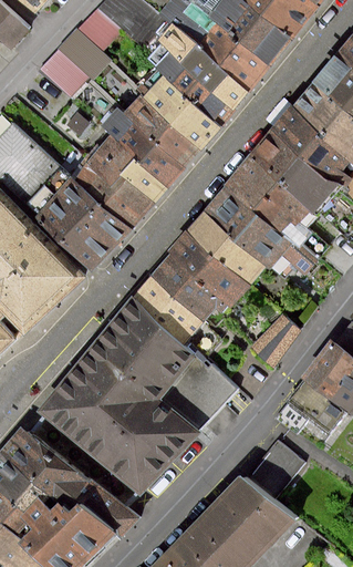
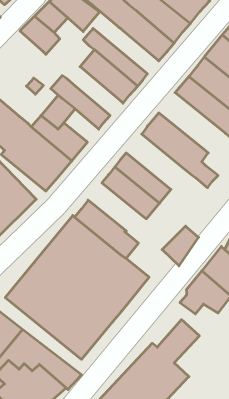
building: [155,23,248,106] -> none
building: [40,48,91,97] -> none
building: [123,95,197,163] -> none
building: [248,132,339,214] -> none
building: [118,154,166,199] -> none
building: [204,188,314,272] -> none
building: [152,255,229,326] -> none

